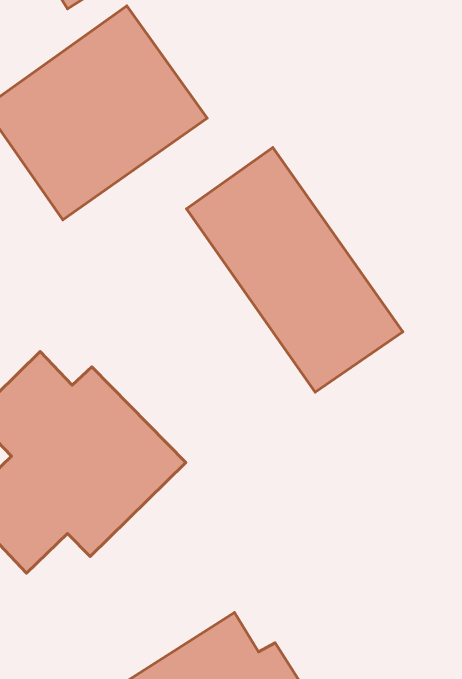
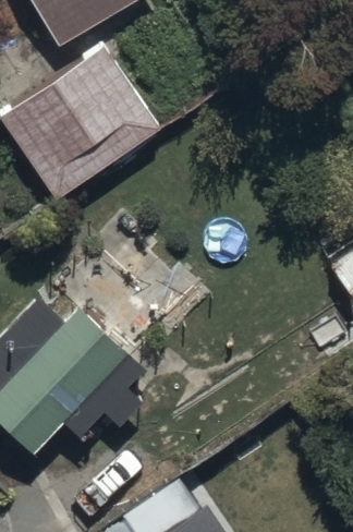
building: [187,148,403,392] -> none

